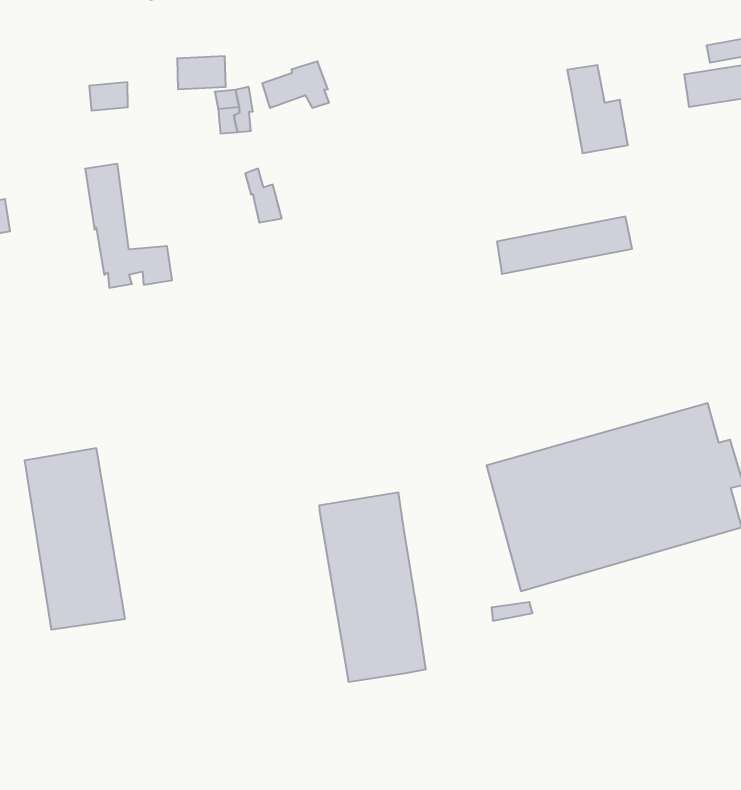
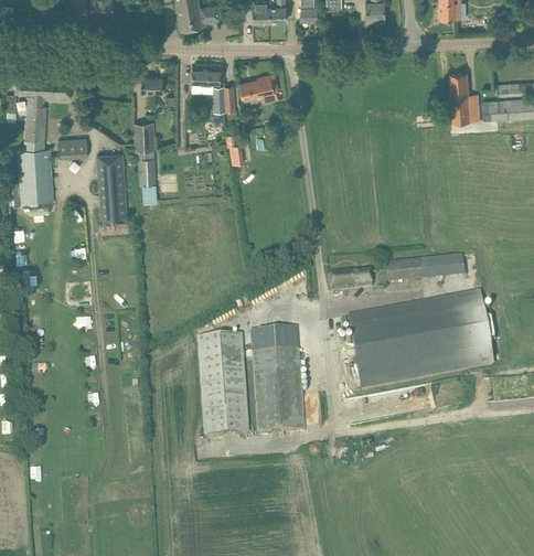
building: [567,65,628,153] -> [450,72,481,121]
building: [497,217,632,274] -> [387,254,464,280]
building: none -> [97,152,128,218]
building: none -> [331,268,373,289]
building: [24,448,125,629] -> [199,333,248,435]

